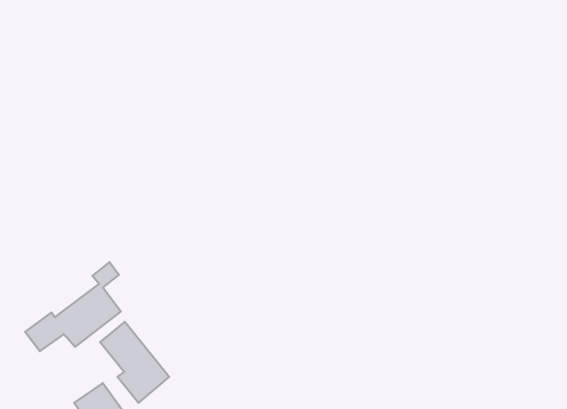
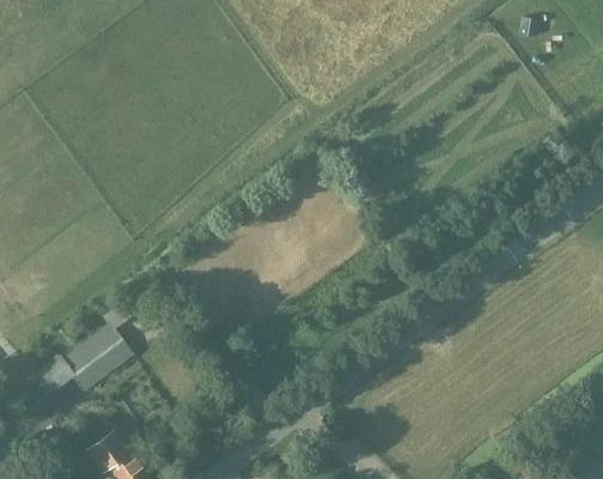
building: [100,322,169,403] -> none

